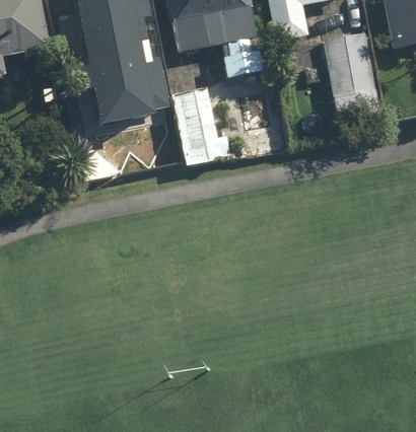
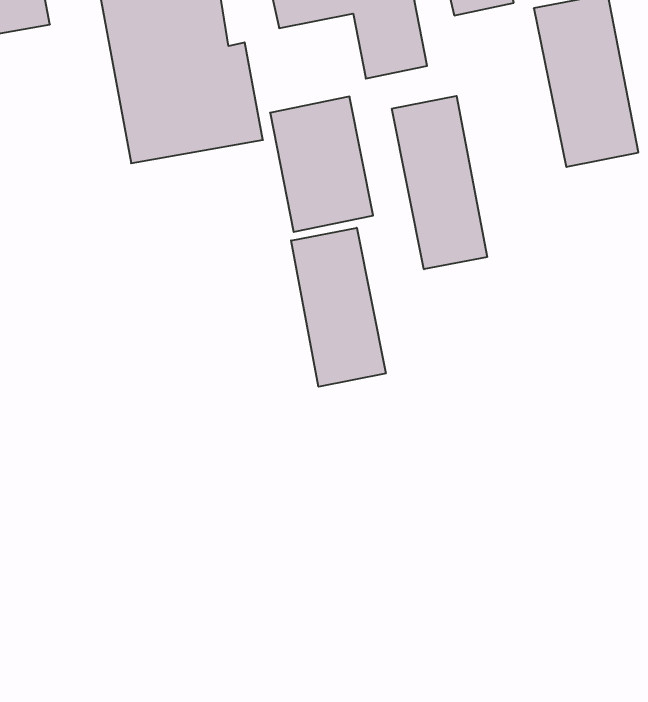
building: none -> [392,96,487,269]
building: none -> [291,228,386,387]

